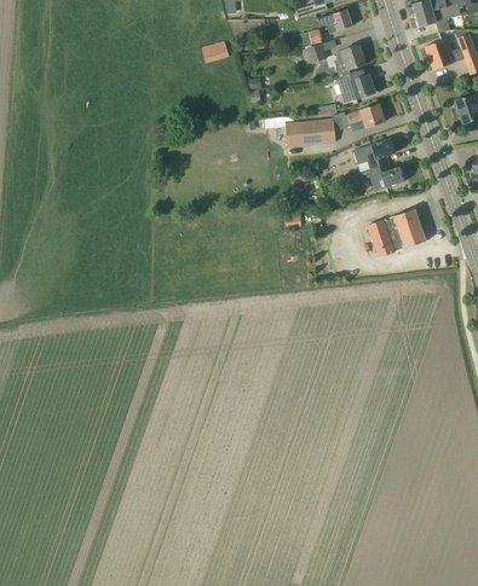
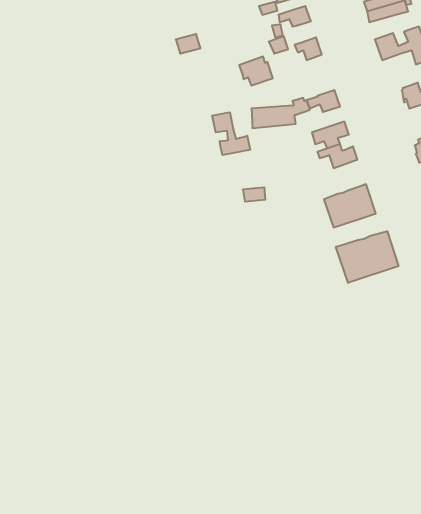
building: [336,68,374,100] -> [239,56,273,86]
building: none -> [212,112,250,155]
building: none -> [336,231,398,283]

